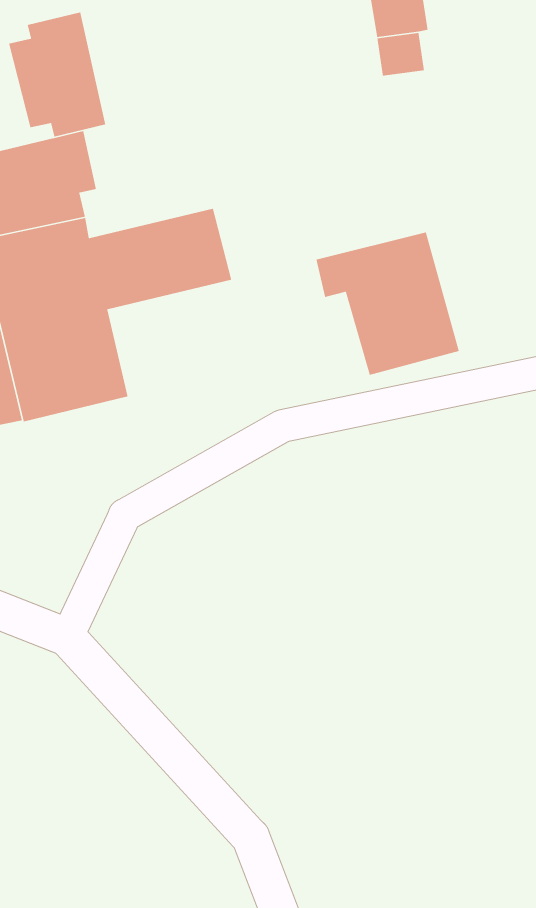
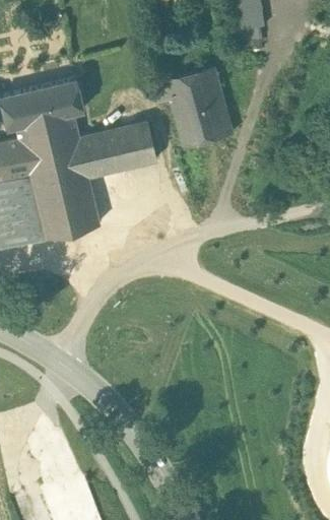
building: [8,11,106,137] -> none
building: [315,231,460,376] -> [155,69,235,148]

